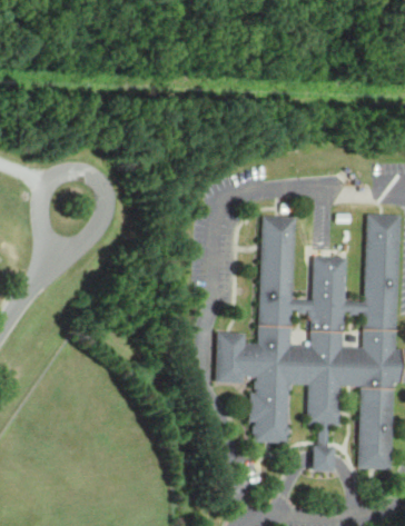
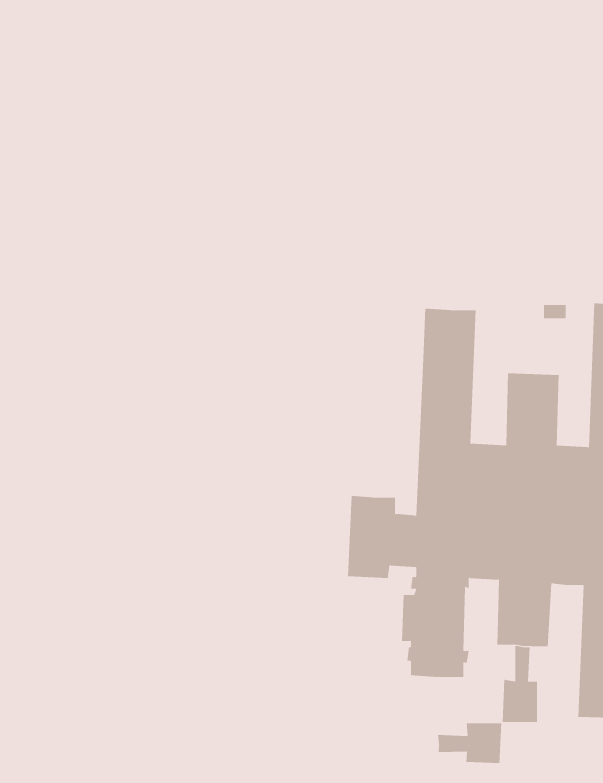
building: none -> [438,722,502,764]

